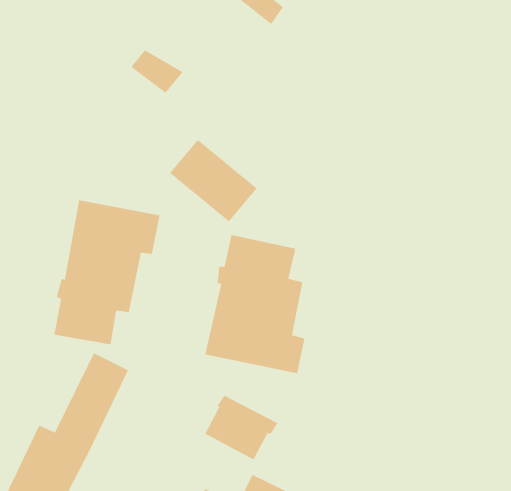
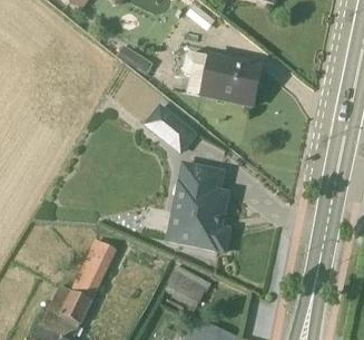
building: none -> [184,51,262,105]
building: [54,199,160,345] -> none

